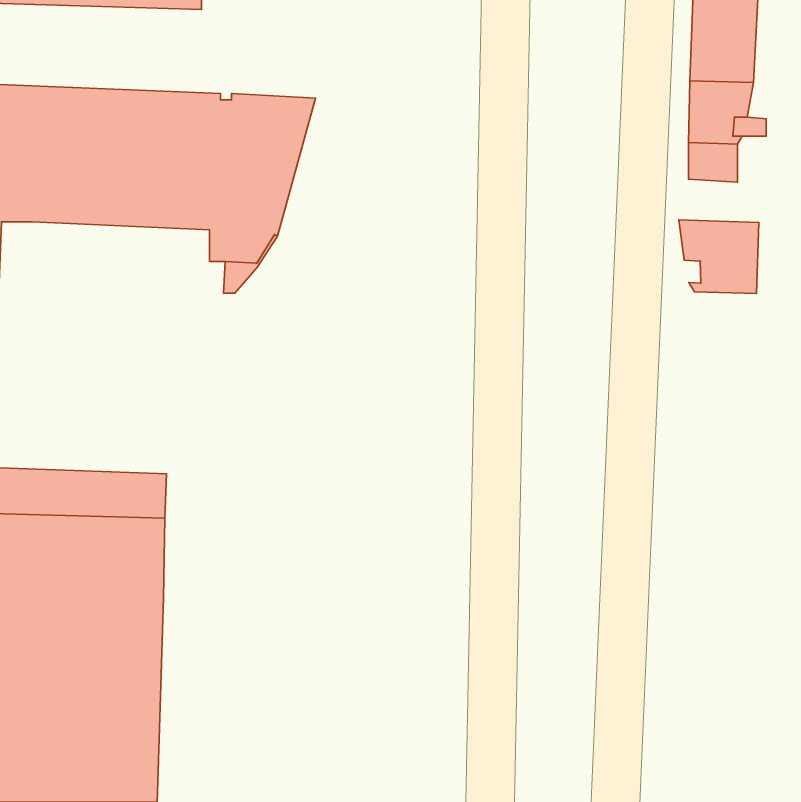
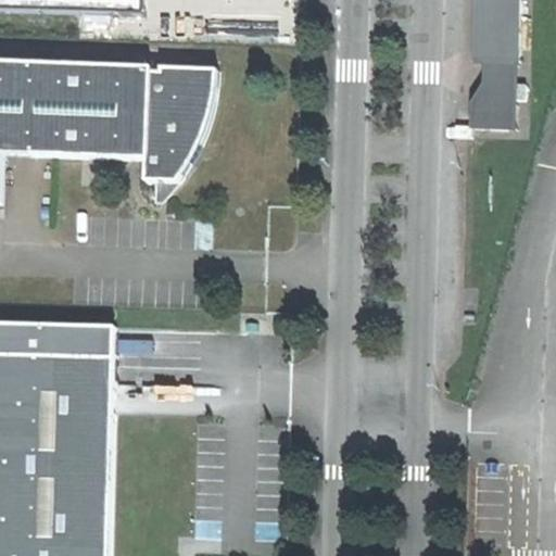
building: [679,220,759,293] -> none

